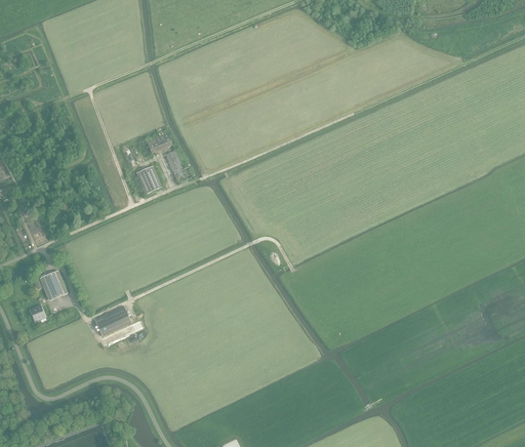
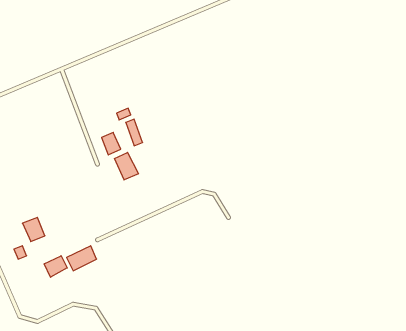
building: none -> [114,152,138,180]
building: none -> [44,256,67,277]

